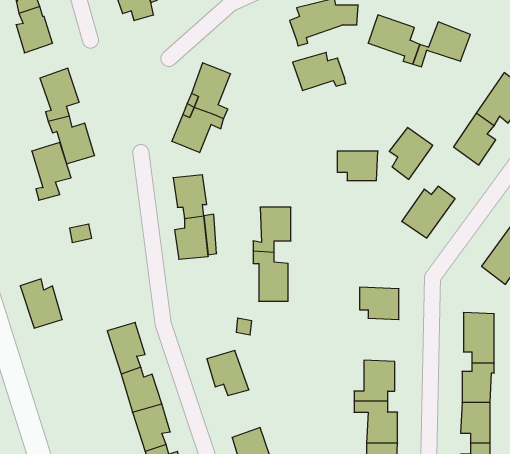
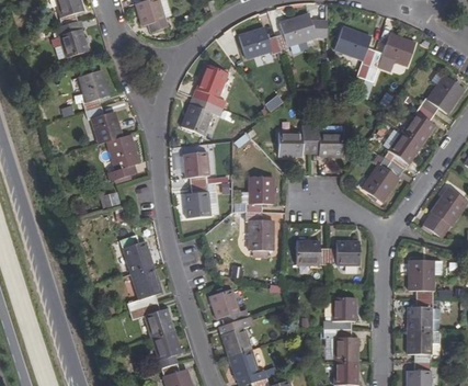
building: [293,52,346,90] -> [238,27,279,57]
building: [389,127,433,179] -> [387,130,421,171]
building: [32,143,71,200] -> [106,135,137,180]
building: none -> [278,134,310,157]
building: [20,279,62,328] -> [119,236,152,274]
building: none -> [295,240,328,264]
building: none -> [220,320,250,357]

